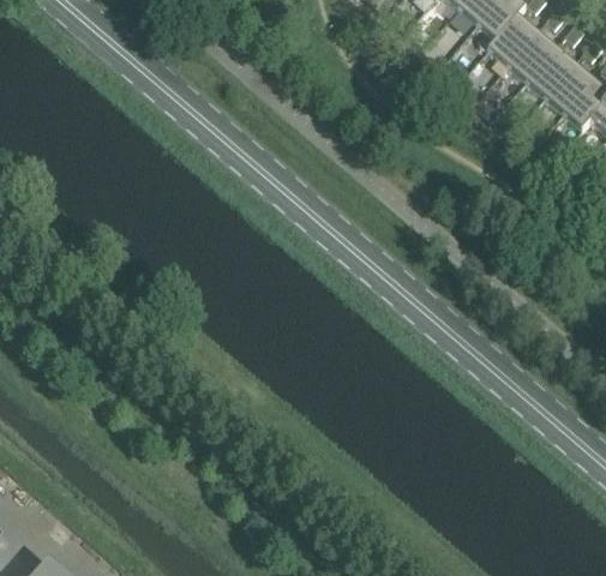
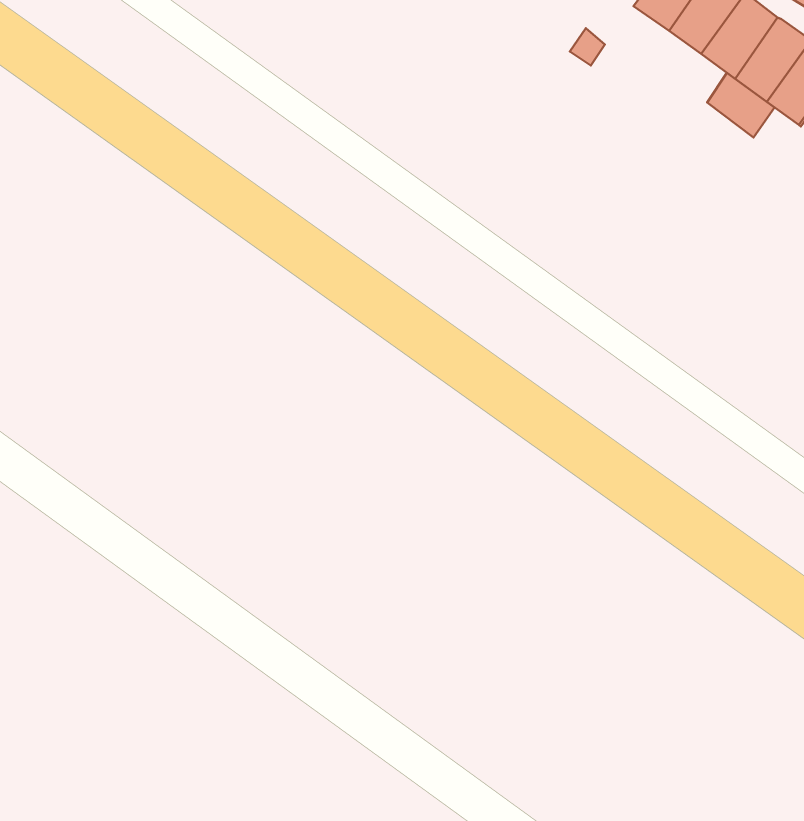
building: none -> [707,73,775,137]

